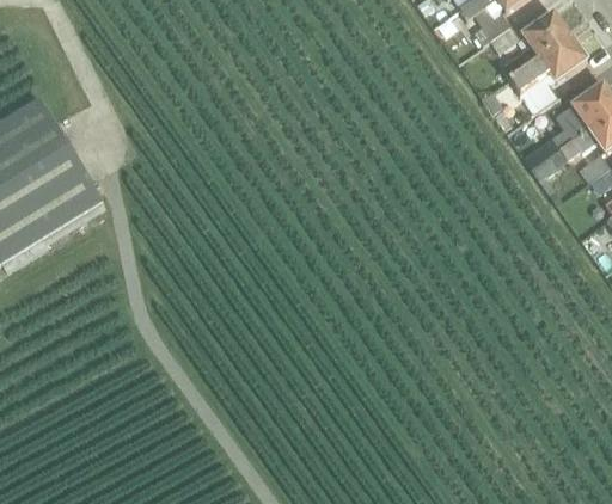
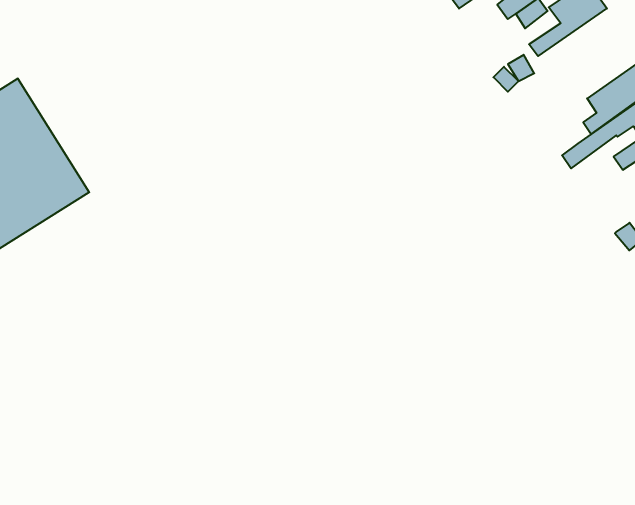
building: [510,35,589,112] -> none

